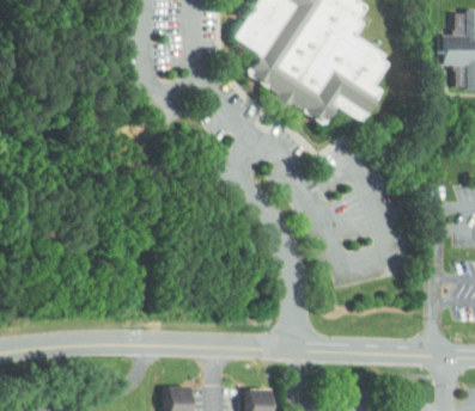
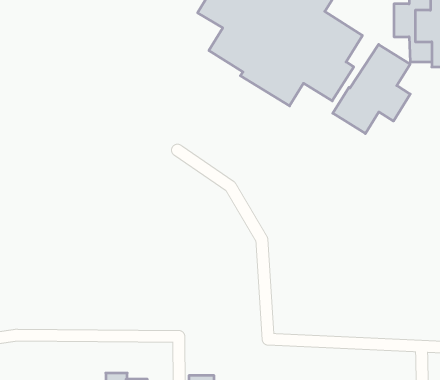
building: none -> [333,44,410,134]

